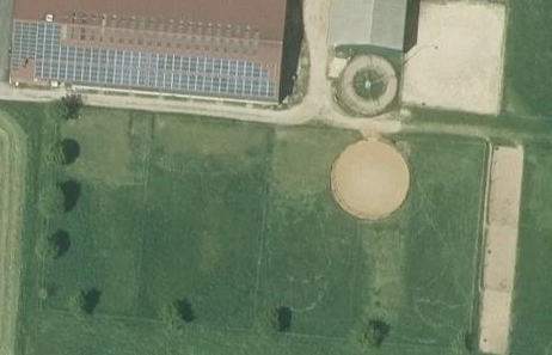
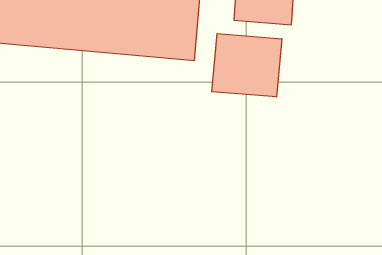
building: none -> [212,34,282,97]

